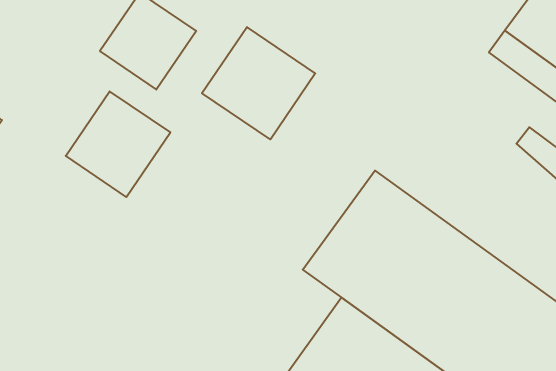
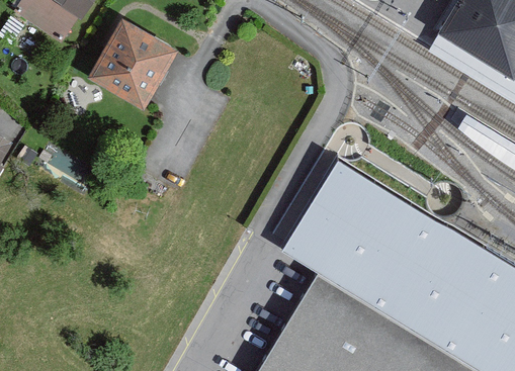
building: [202,27,315,139] -> none
building: [66,91,170,197] -> none

